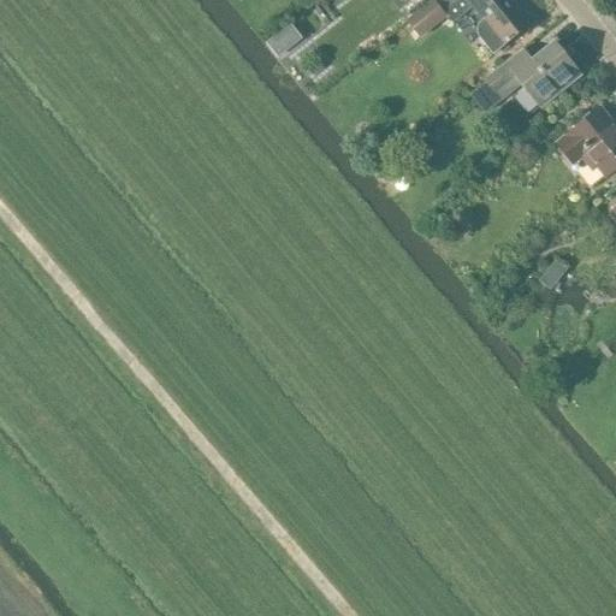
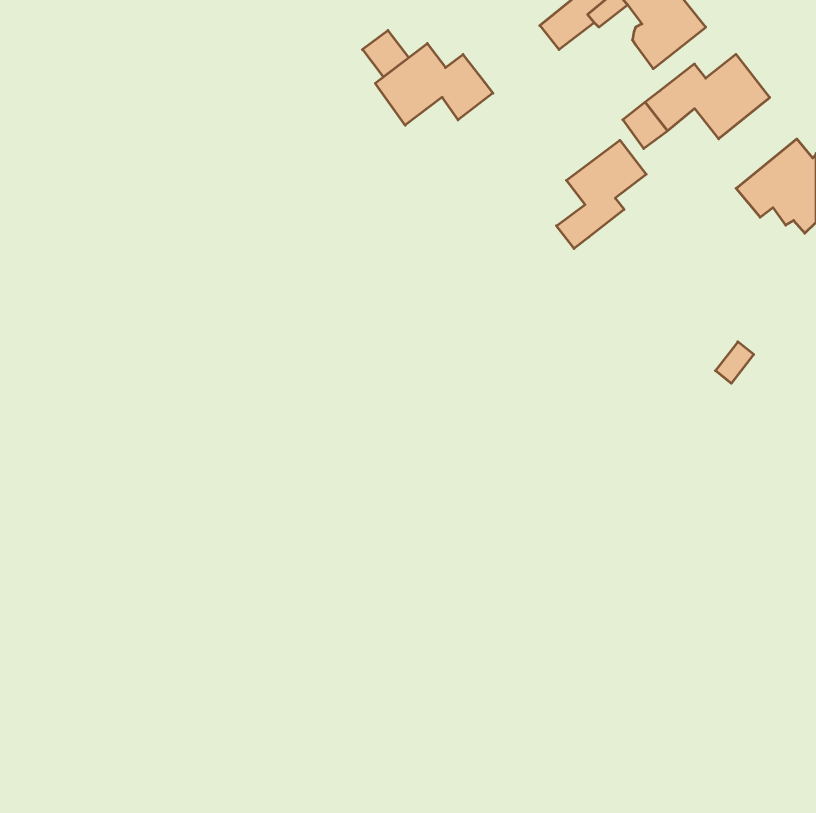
building: none -> [375,43,493,125]
building: none -> [556,140,646,249]

